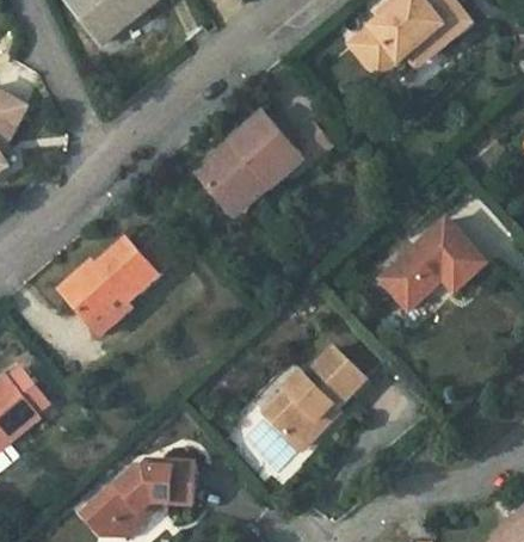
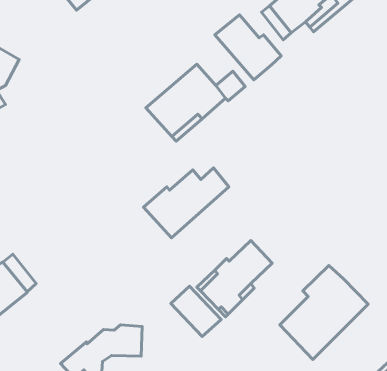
building: none -> [215,15,281,80]
building: [380,218,483,308] -> none
building: [57,234,171,327] -> [144,168,229,238]
building: none -> [280,266,368,359]

